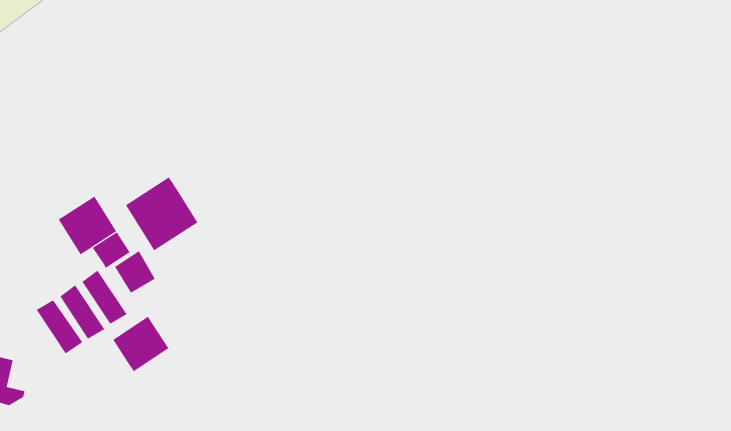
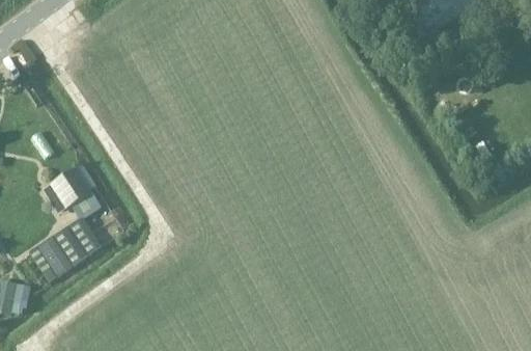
building: [125,177,198,251] -> none
building: [113,316,169,372] -> none

